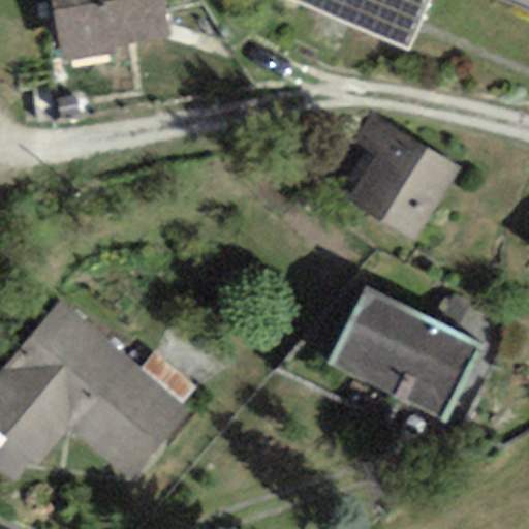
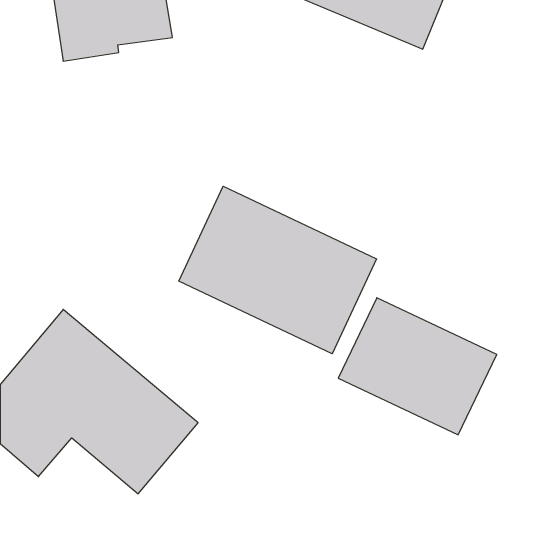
building: [347,113,460,238] -> none
building: none -> [179,186,376,354]

